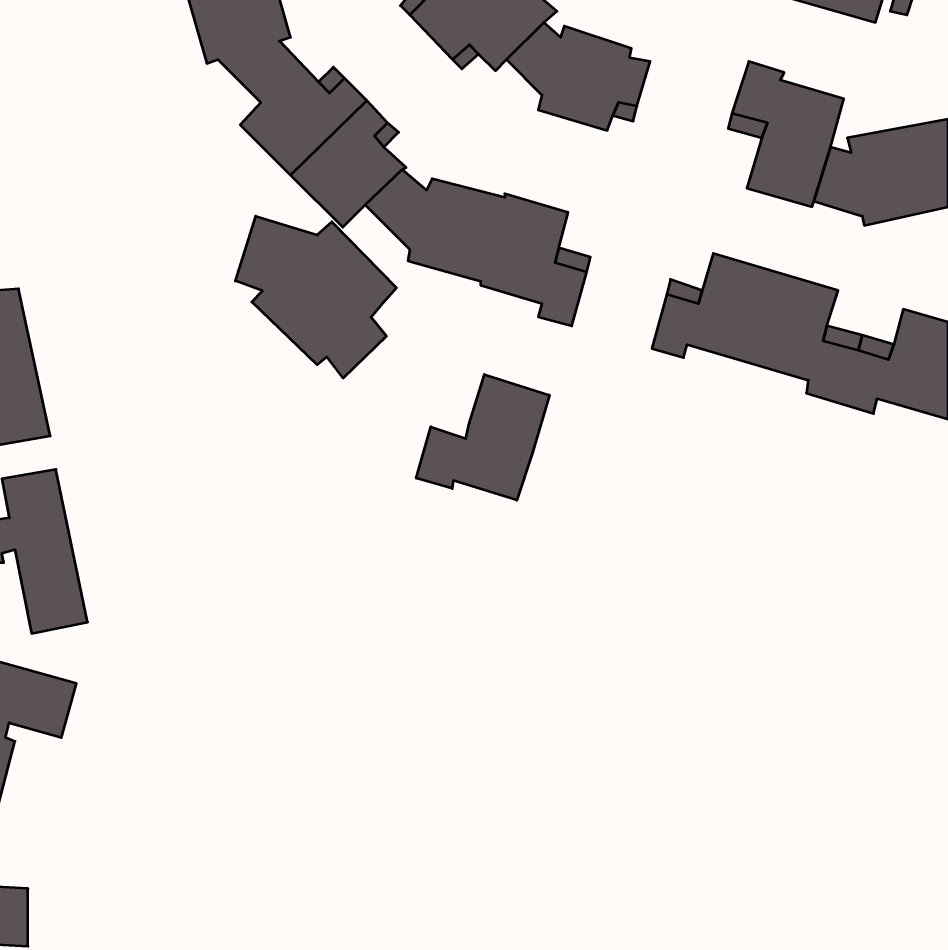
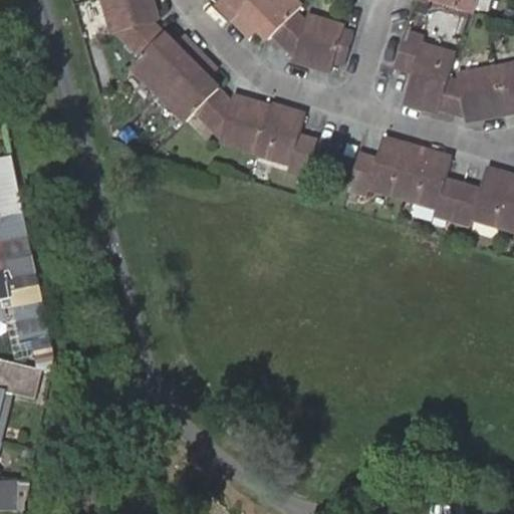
building: [235,216,396,378] -> none
building: [416,374,549,500] -> none

